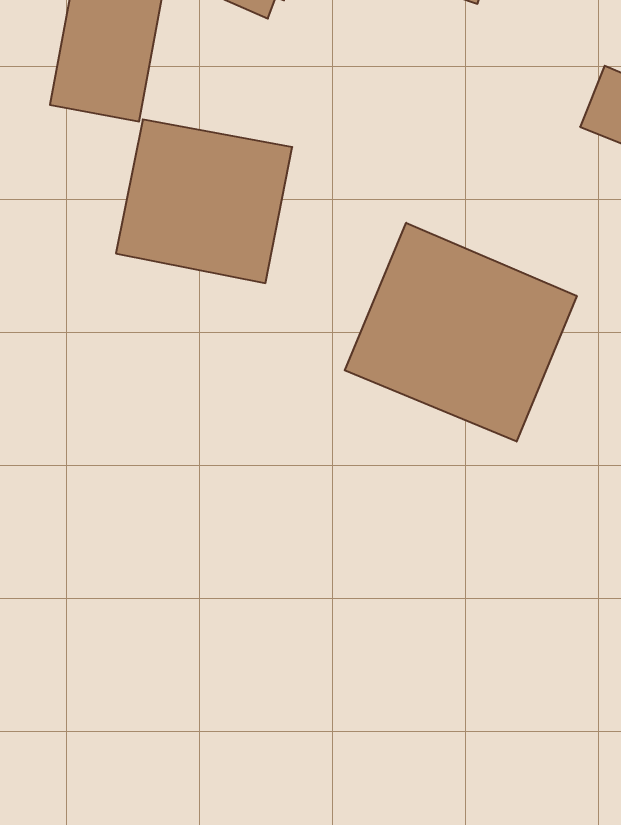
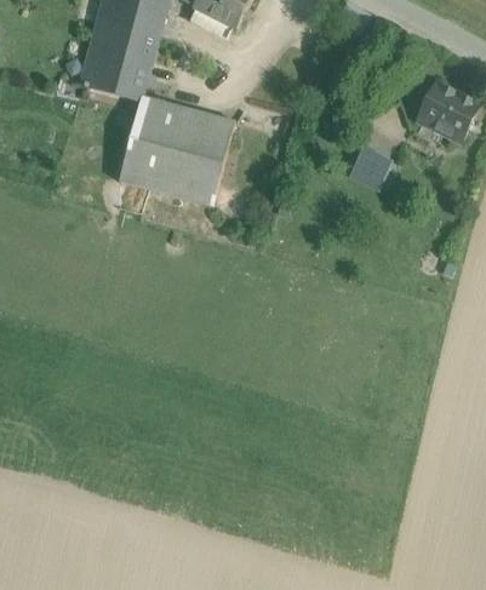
building: none -> [350,148,389,187]
building: [345,223,577,442] -> none

